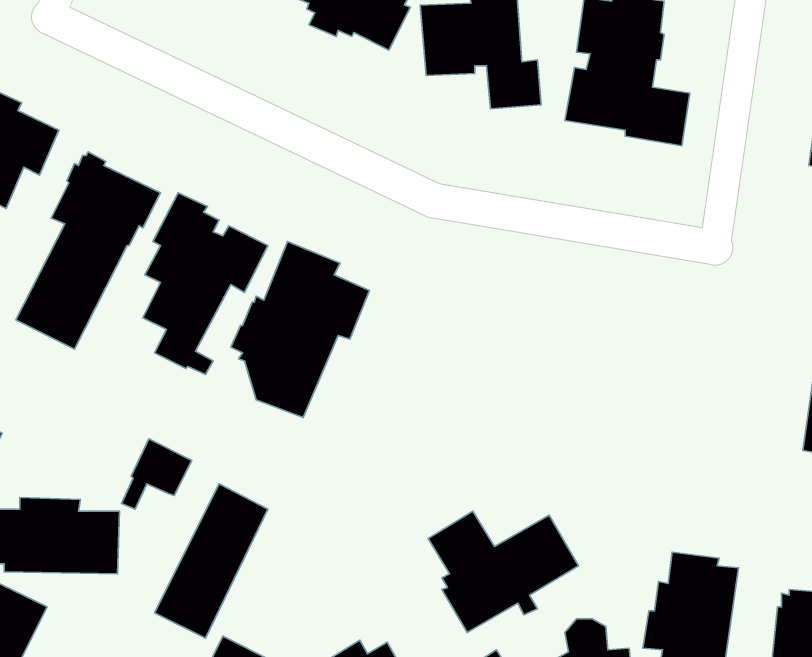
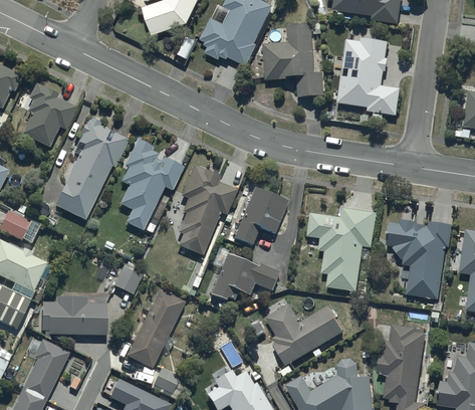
building: none -> [234,176,287,243]
building: none -> [307,206,377,290]
building: none -> [386,218,451,297]
building: none -> [210,253,278,299]

